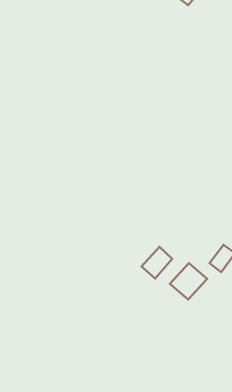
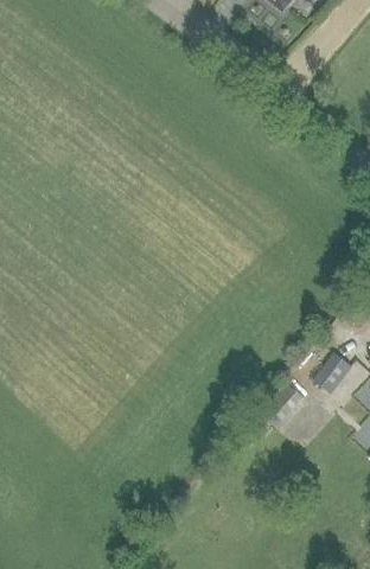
building: [142,247,172,278] -> none

